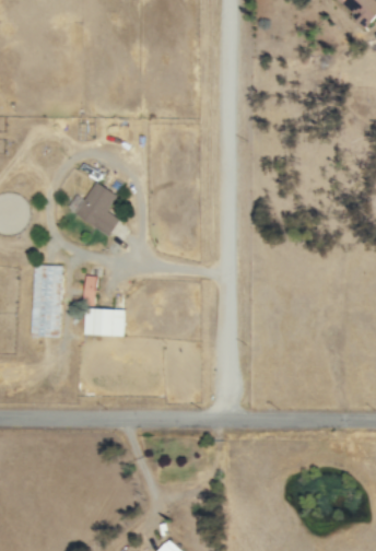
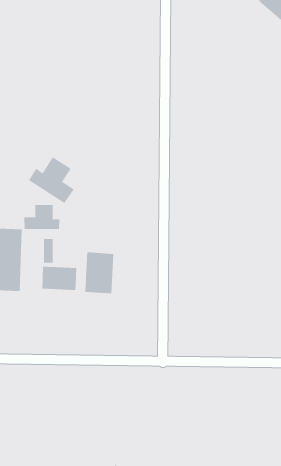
building: none -> [24,204,60,230]
building: none -> [85,252,114,294]

